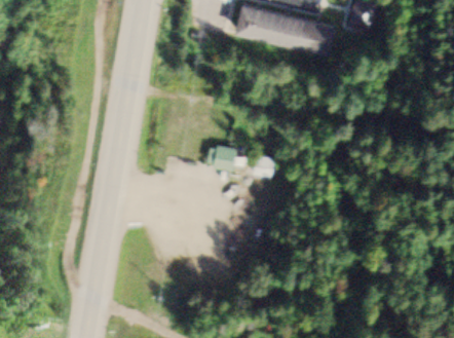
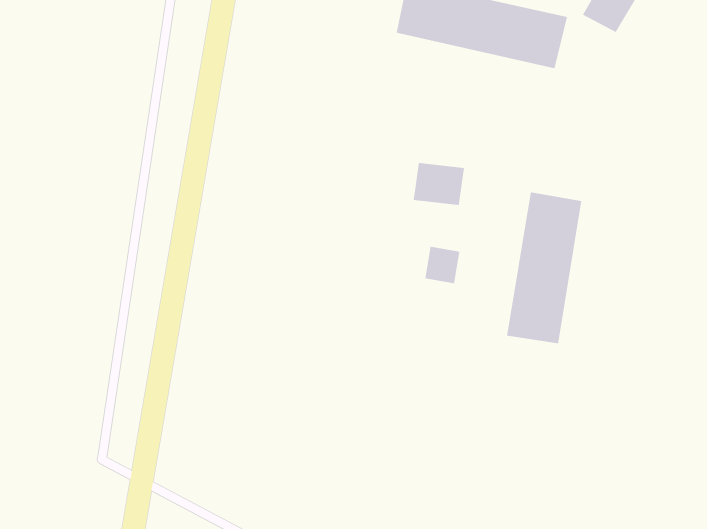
building: none -> [506,191,582,344]
building: [207,148,237,173] -> [413,162,465,205]

